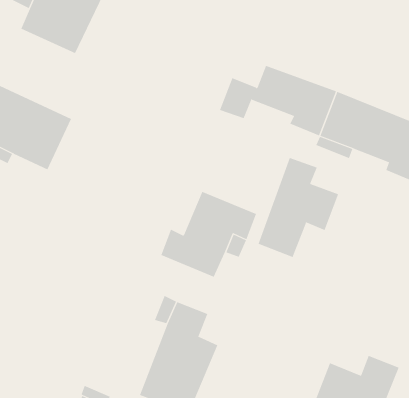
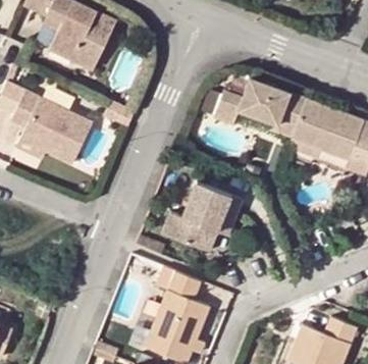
building: [258,157,339,258] -> none

